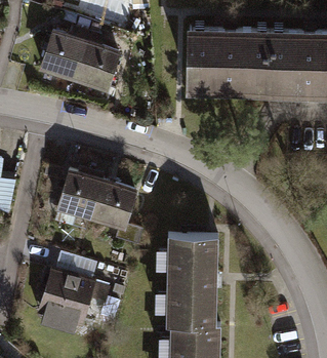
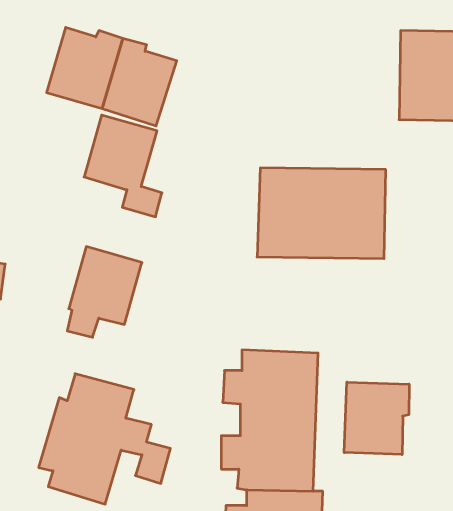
building: [188,30,271,88] -> [257,168,386,259]
building: [92,181,142,246] -> [84,115,162,217]
building: none -> [344,382,409,455]

